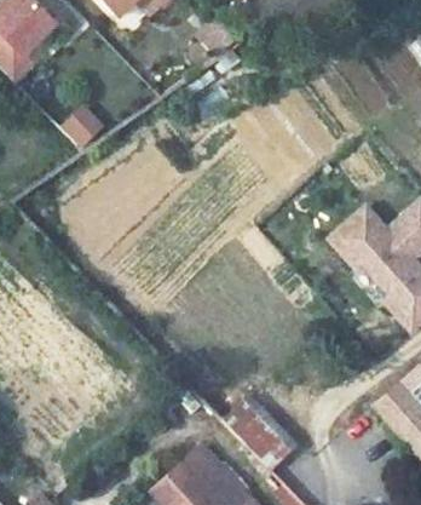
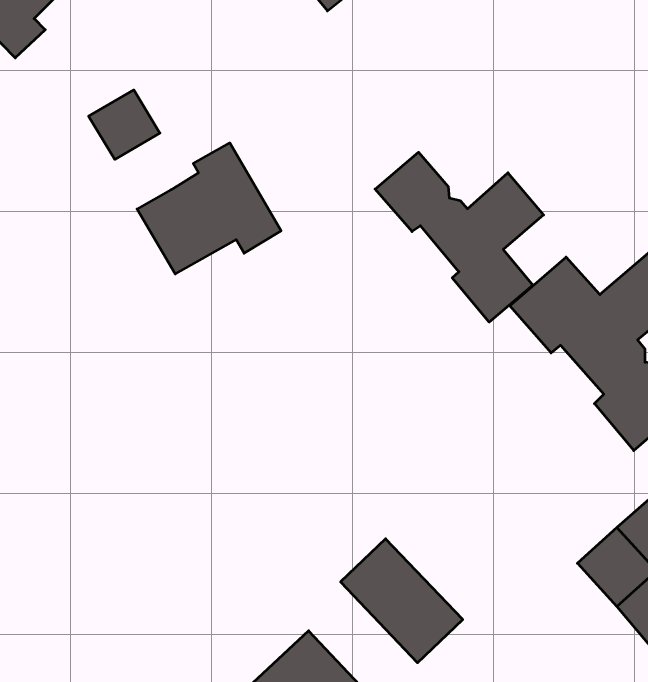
building: none -> [137,143,281,274]
building: none -> [375,152,544,322]

